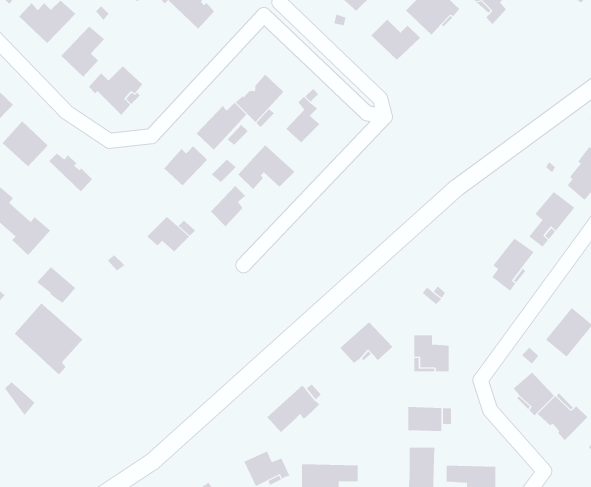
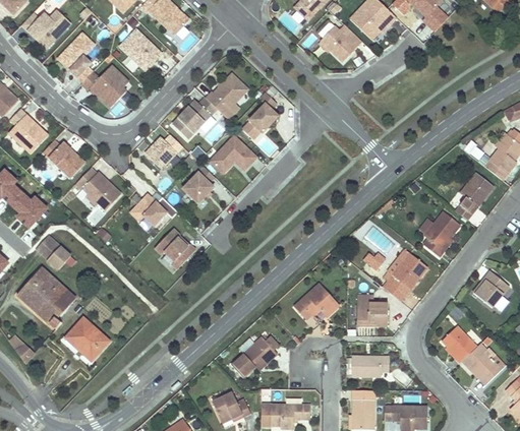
building: none -> [119,29,161,70]
building: none -> [75,168,121,210]
building: none -> [154,228,195,268]
building: none -> [383,248,428,301]
building: none -> [66,317,110,361]

